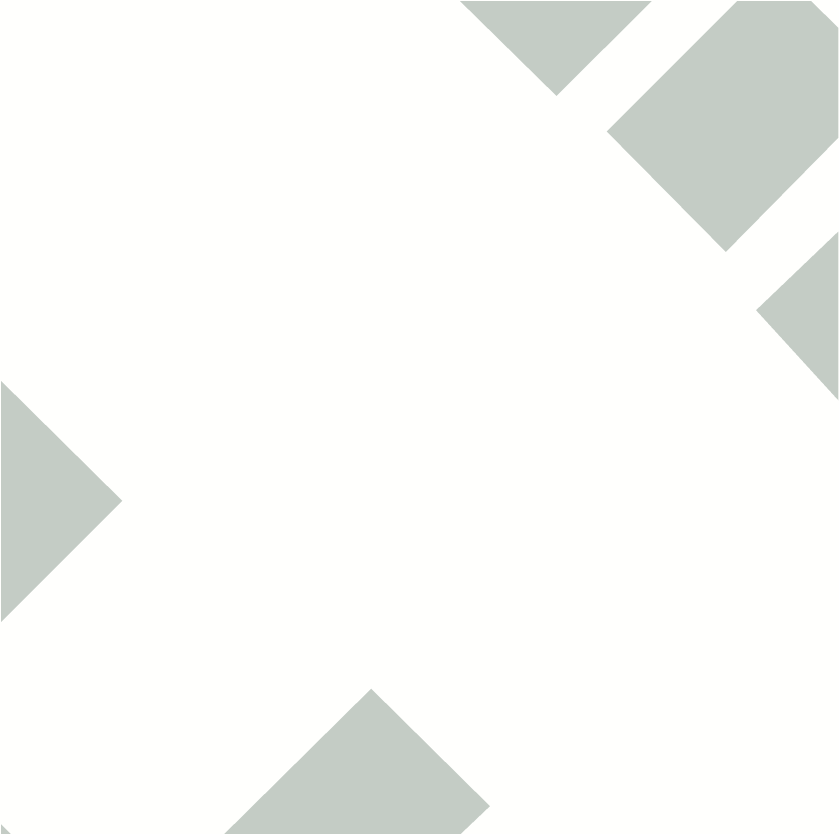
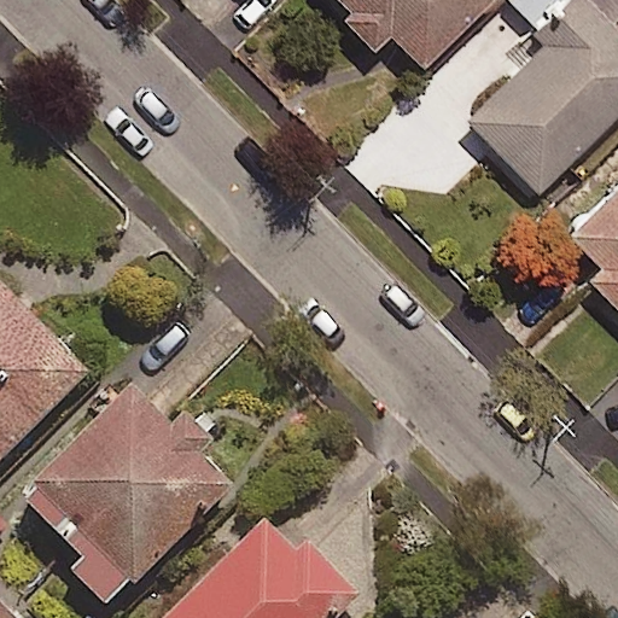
building: none -> [25,386,239,599]

